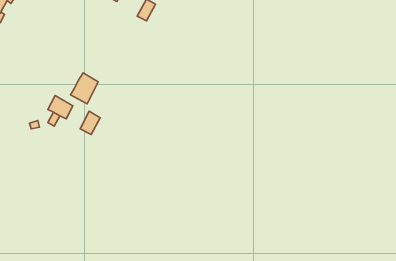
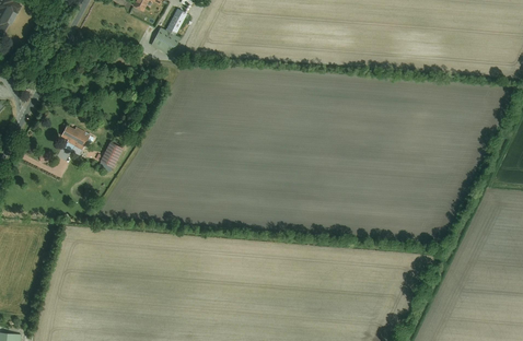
building: [71,73,98,104] -> none

